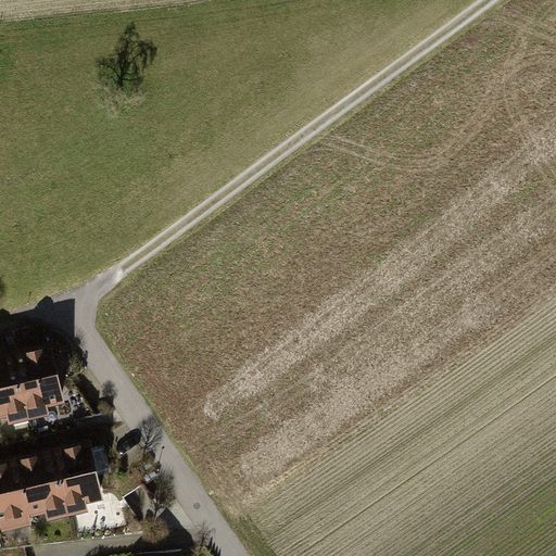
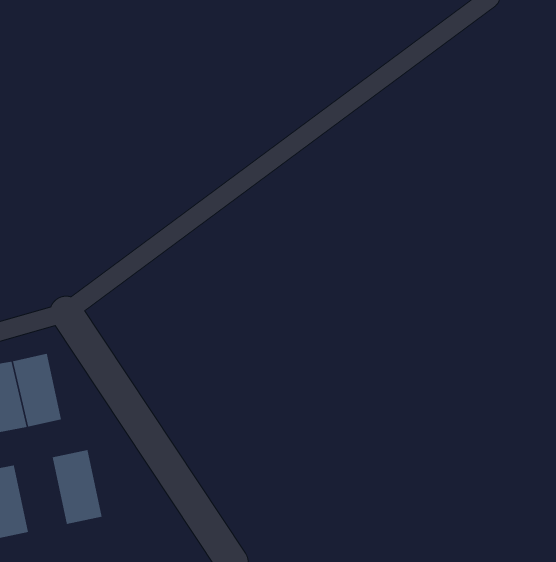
building: [14,450,65,523] -> none

